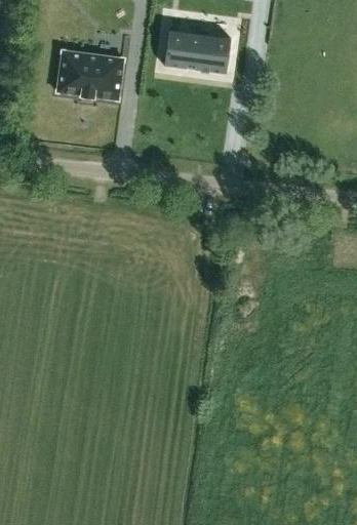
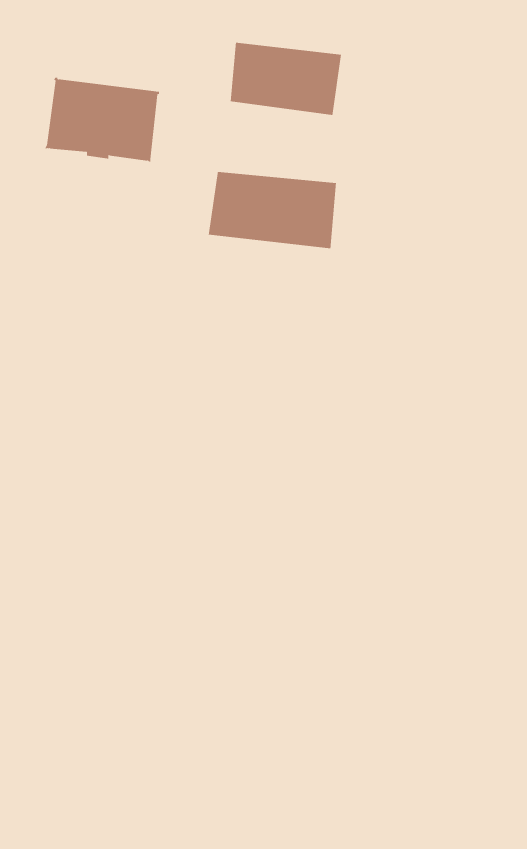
building: none -> [208,171,336,249]

